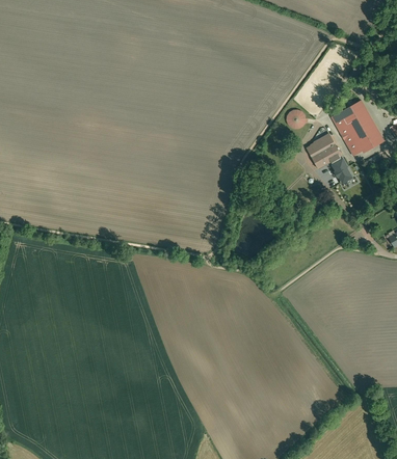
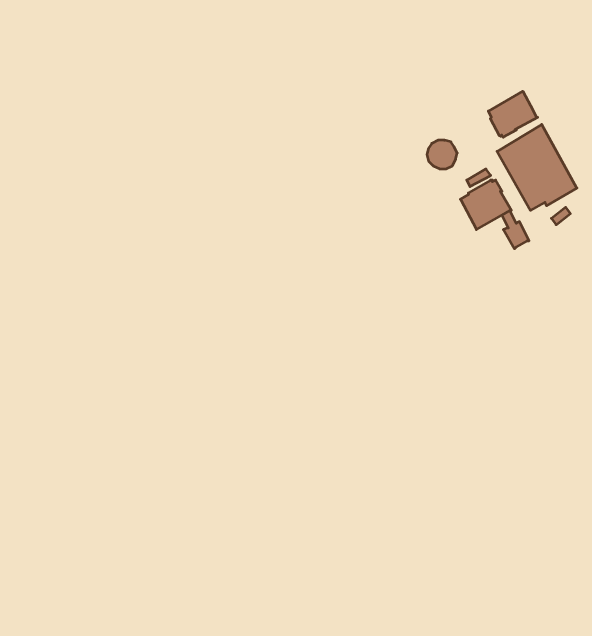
building: none -> [488,91,538,137]

